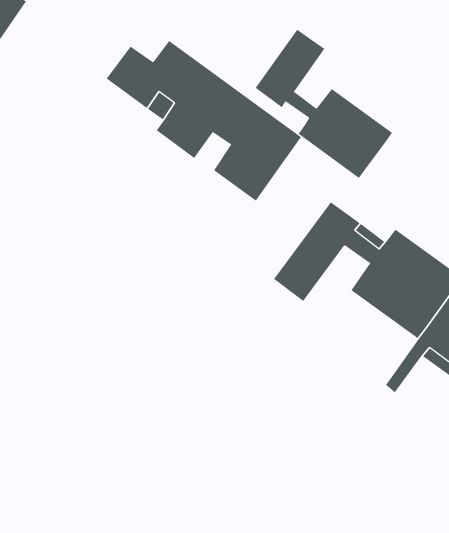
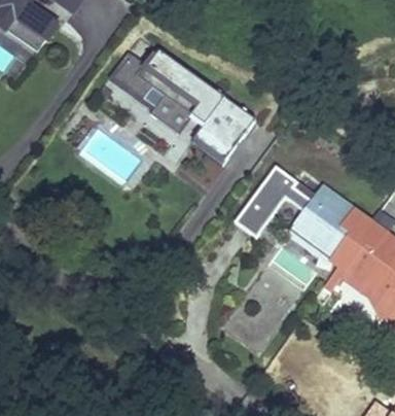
building: [255,29,393,179] -> none

